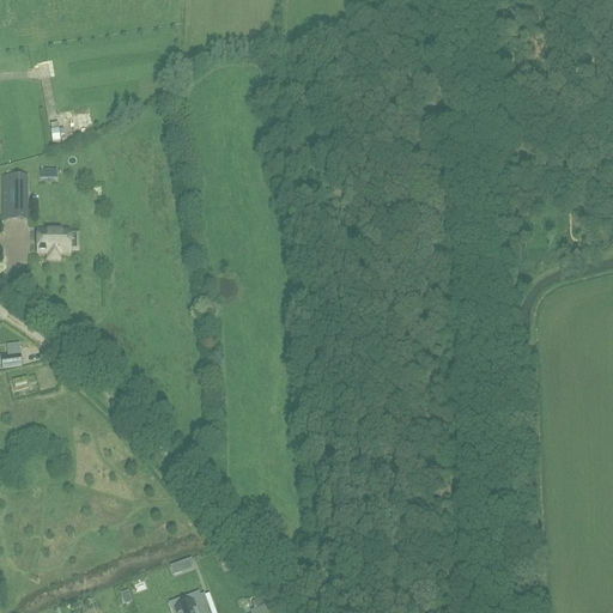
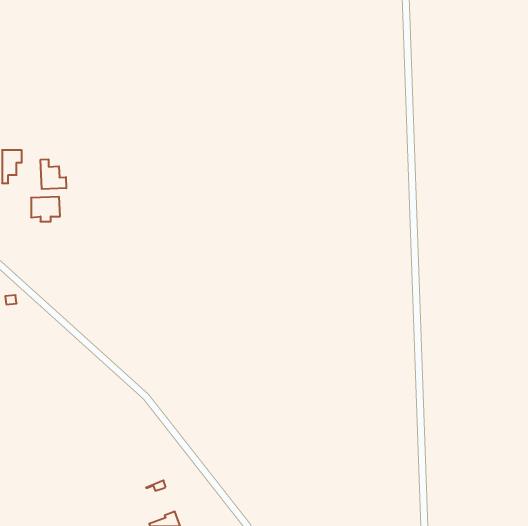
building: none -> [41,159,66,189]

